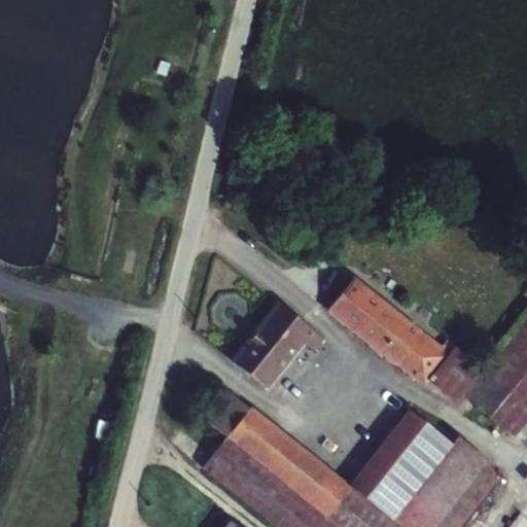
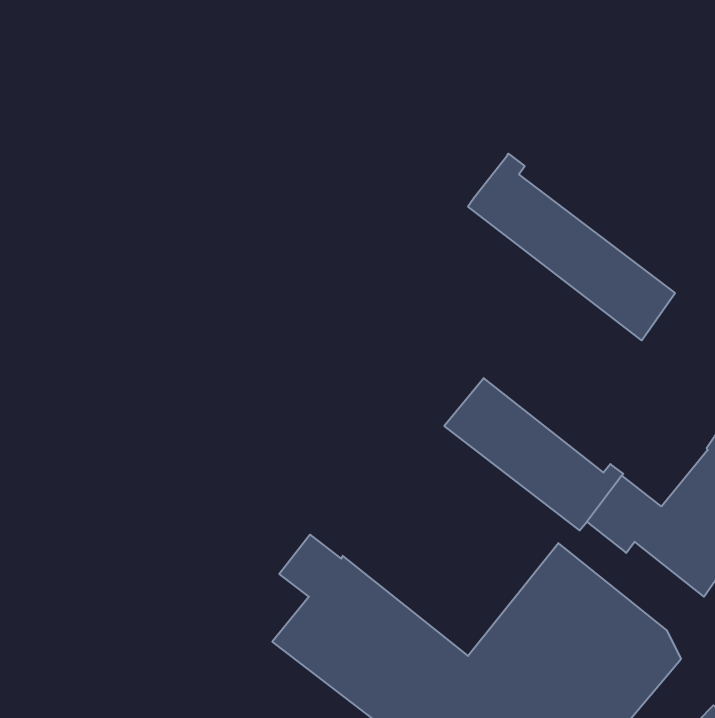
building: none -> [468,154,675,340]
building: [234,303,327,391] -> none

